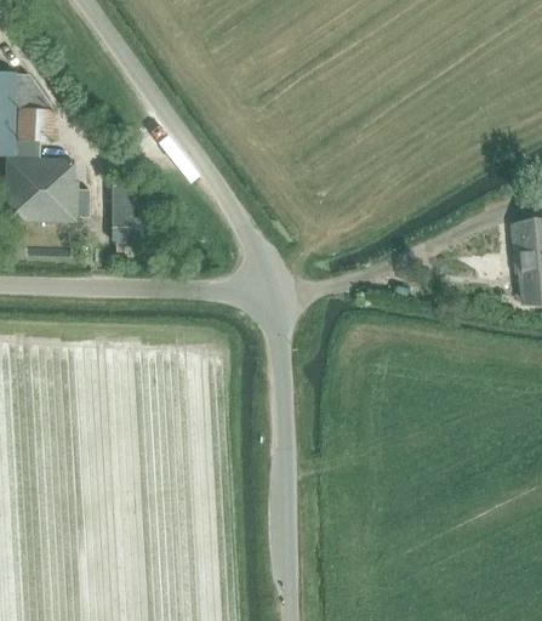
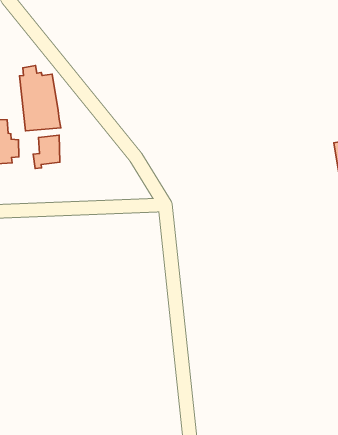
building: none -> [20,65,61,131]

